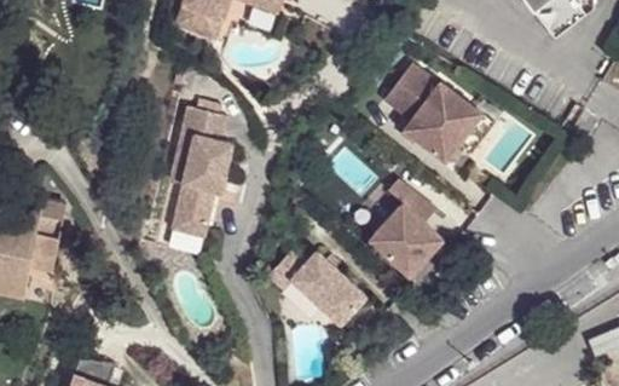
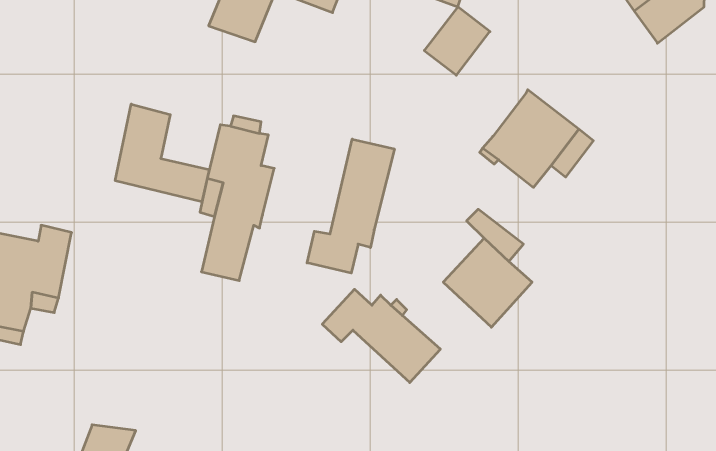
building: [386,63,440,120] -> [424,7,490,75]
building: none -> [115,104,209,202]
building: none -> [307,139,394,273]

